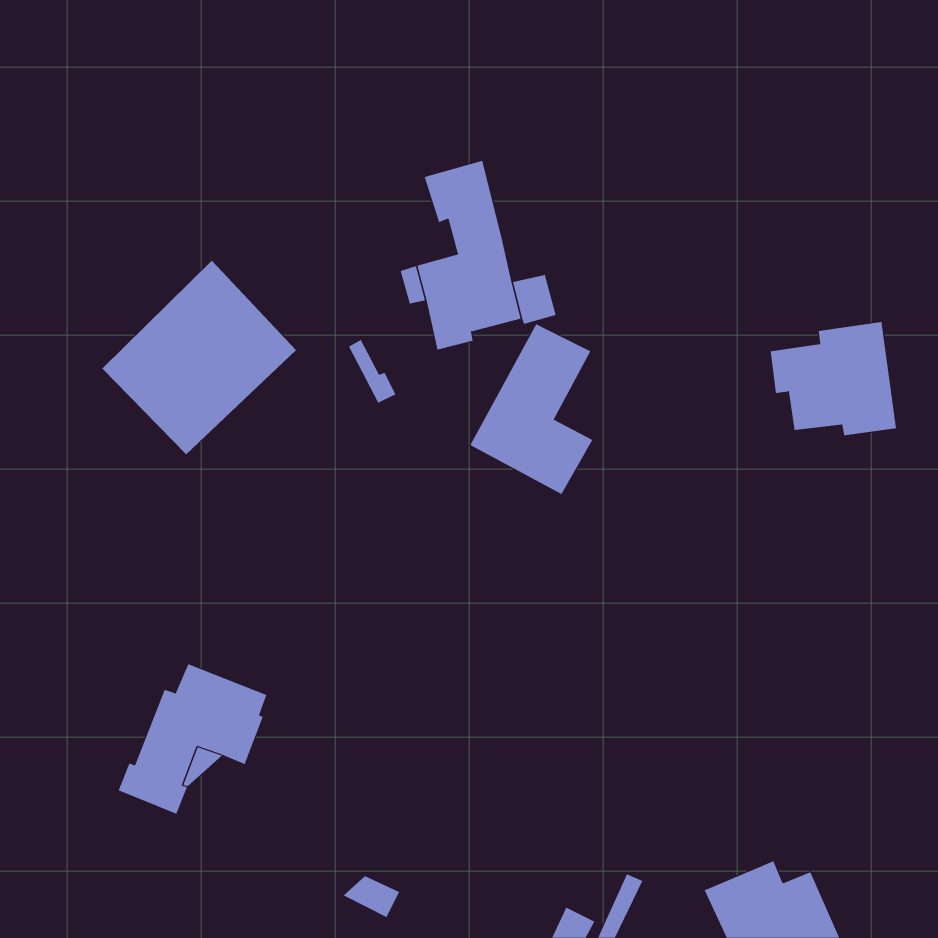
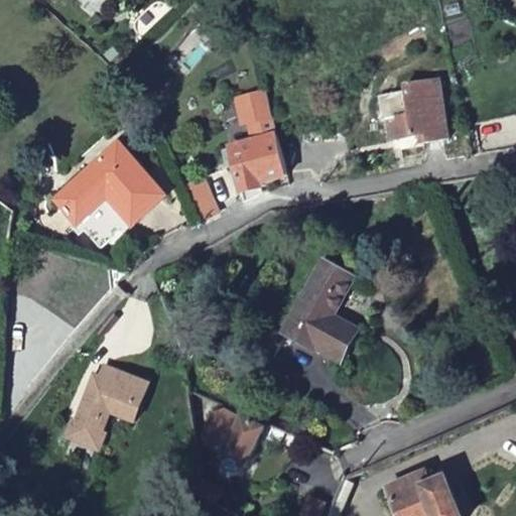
building: [770,322,897,436] -> [378,79,447,141]
building: [470,324,593,495] -> [285,262,353,356]
building: none -> [203,409,263,474]

